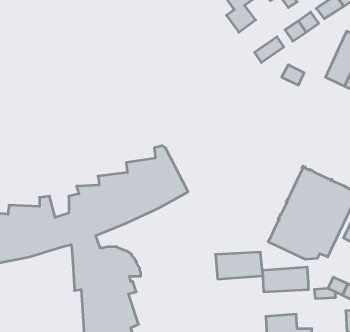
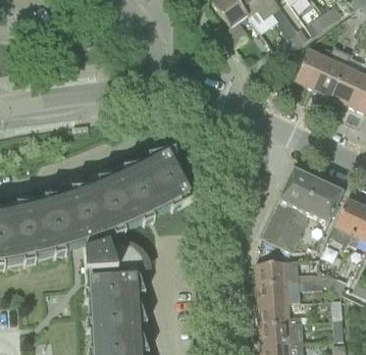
building: none -> [295,47,330,88]
building: [215,252,263,279] -> [257,281,300,305]

